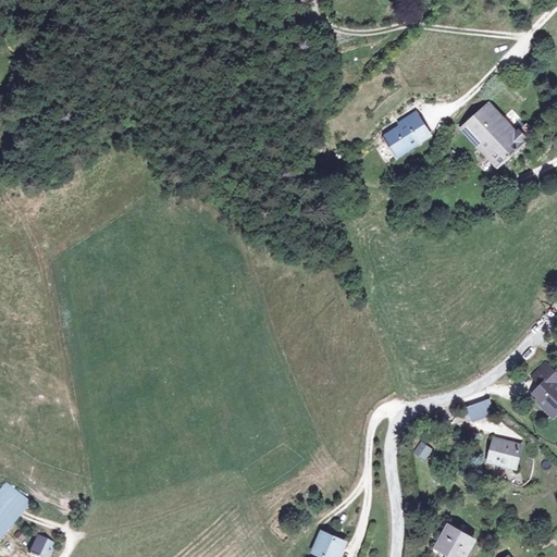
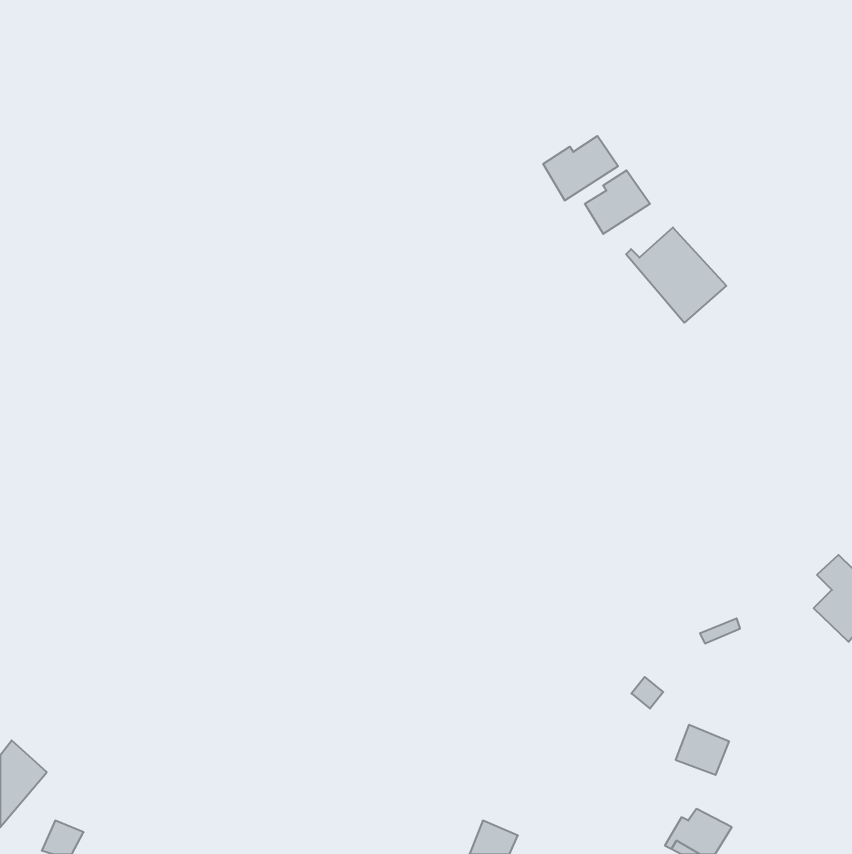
building: none -> [543,136,618,201]
building: [461,104,527,166] -> [626,227,726,323]
building: [484,437,519,470] -> [676,725,729,775]

